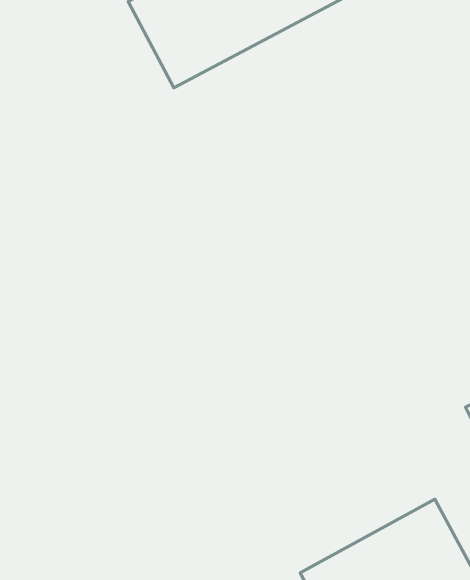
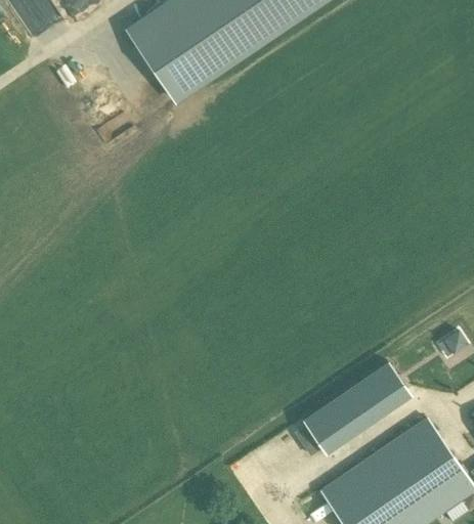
building: none -> [302,362,406,448]

